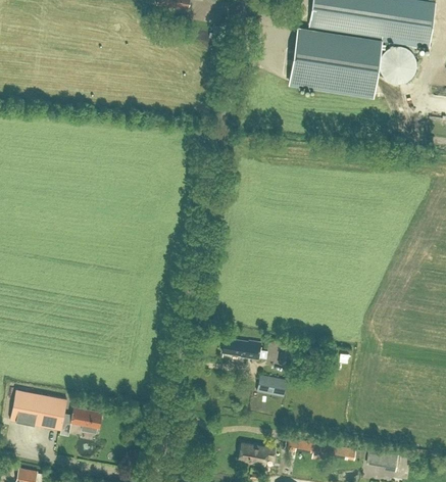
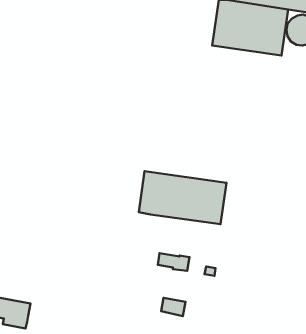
building: none -> [139,171,227,224]
building: [257,374,287,396] -> [161,298,185,316]
building: [63,406,102,431] -> none

